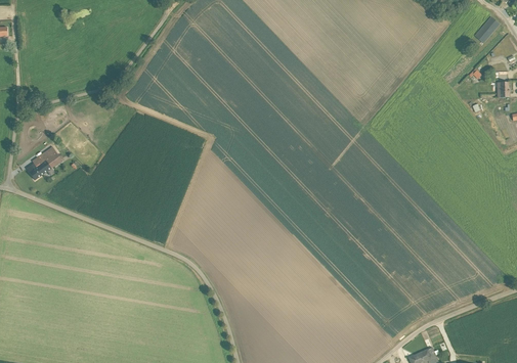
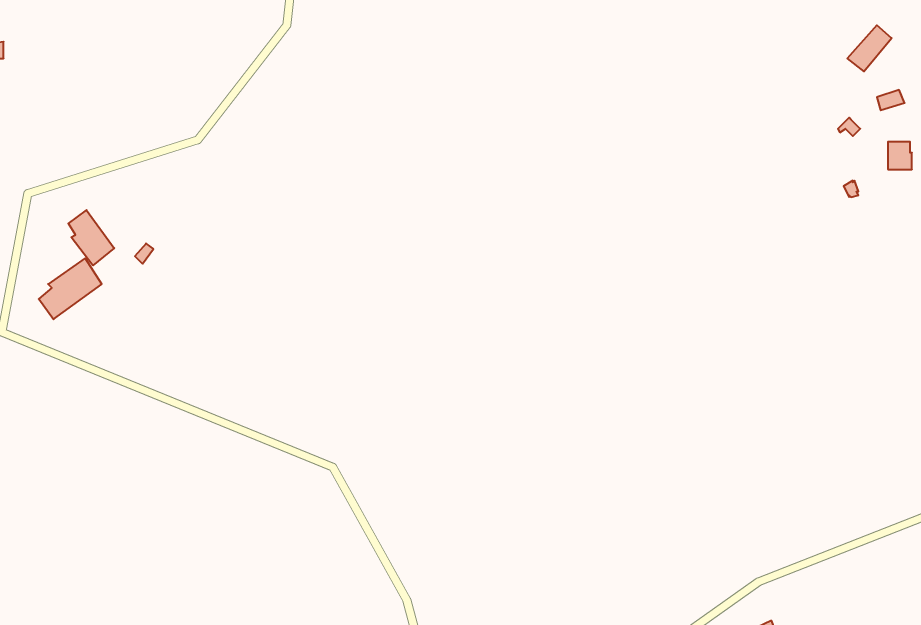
building: none -> [68,210,114,265]

